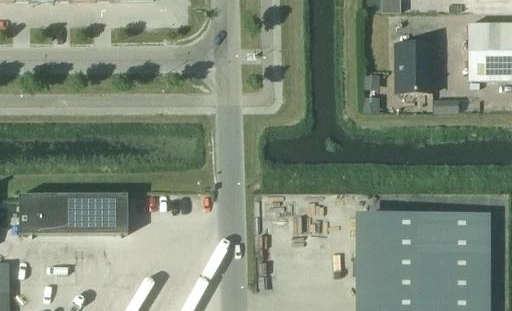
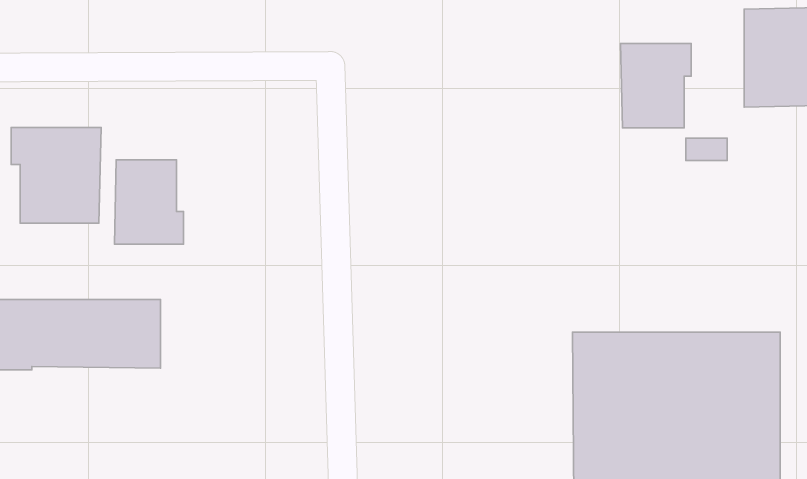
building: none -> [11,128,101,223]
building: none -> [114,160,183,244]

